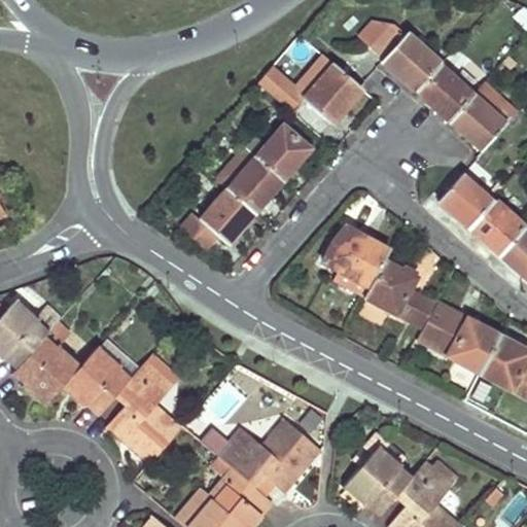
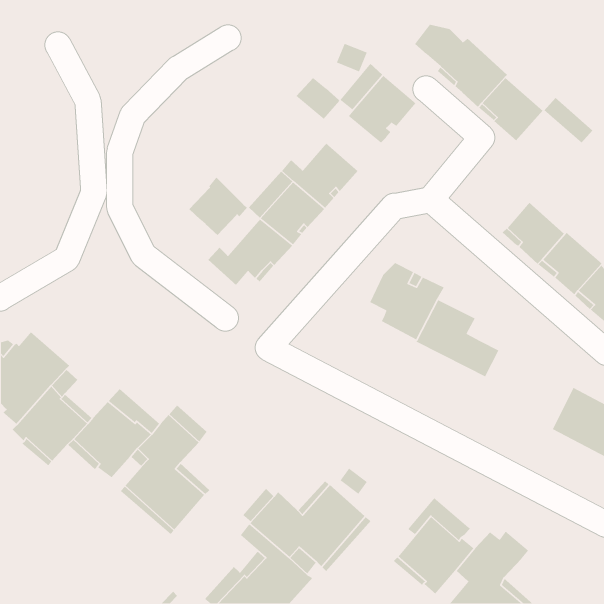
building: [450,96,506,151] -> none
building: none -> [188,177,248,236]
building: [417,302,499,373] -> none

